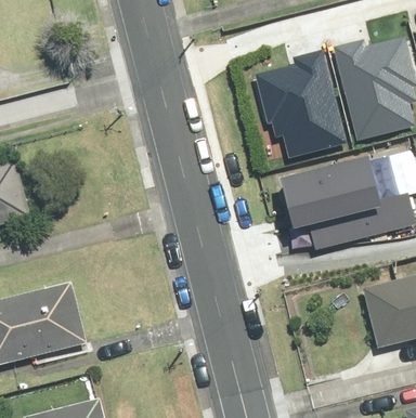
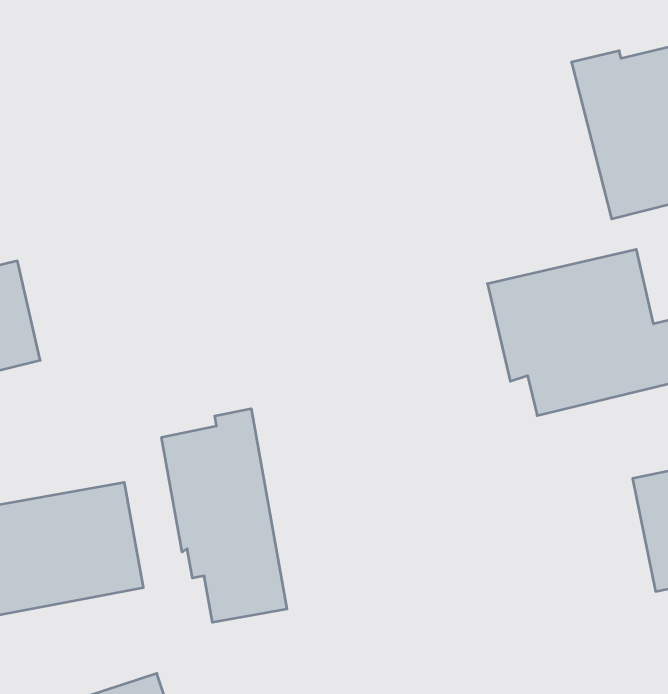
building: [254,50,343,154] -> none
building: none -> [162,409,287,622]

